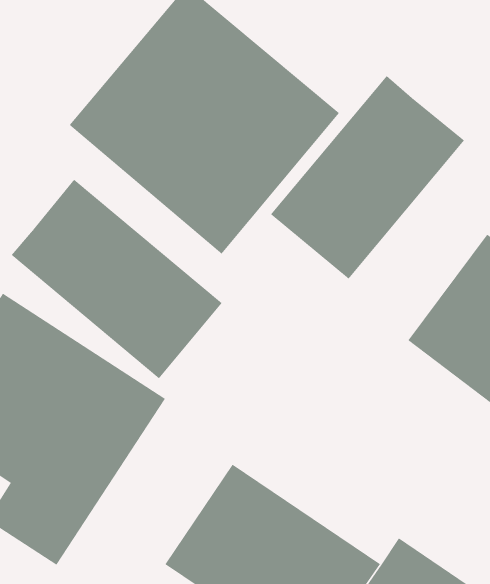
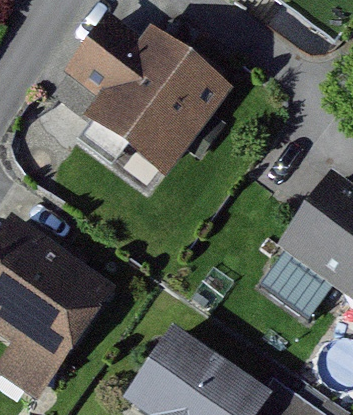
building: [270,75,465,280] -> none
building: [11,179,222,379] -> none

